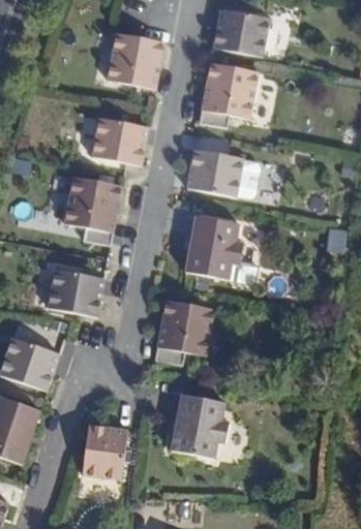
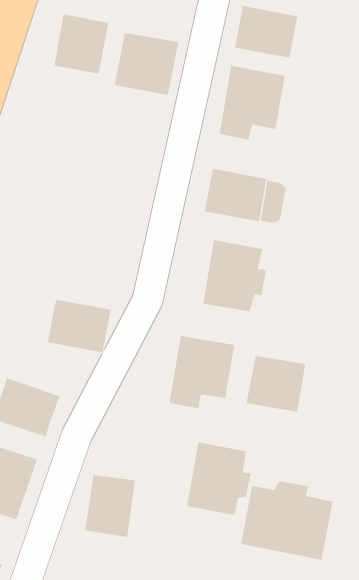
building: none -> [54,14,109,74]
building: [92,117,148,164] -> none
building: [64,175,121,244] -> none
building: none -> [246,355,306,413]
building: none -> [240,481,333,561]

